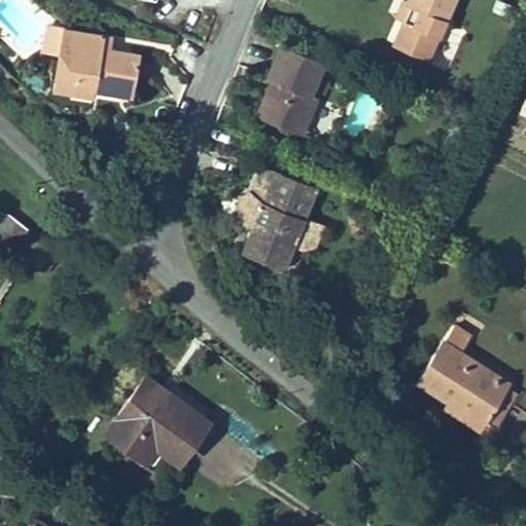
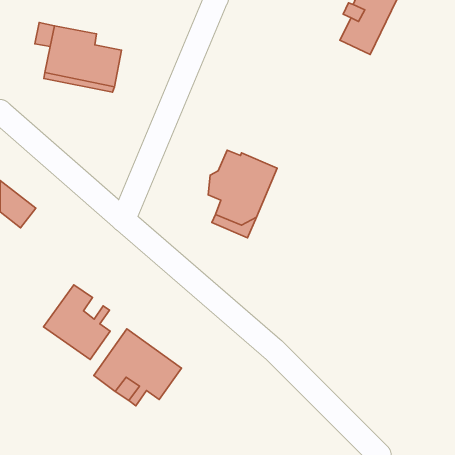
building: [254,48,327,140] -> none
building: [416,326,515,435] -> none
building: none -> [44,285,110,360]

